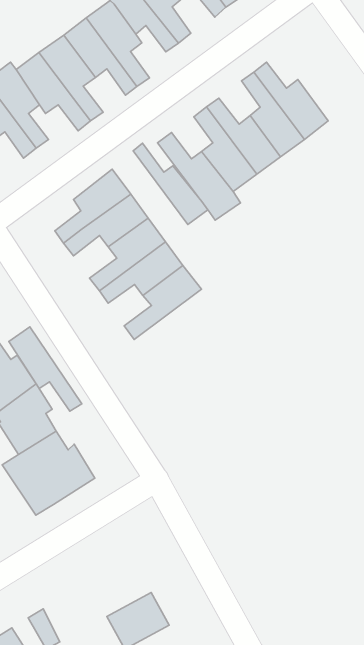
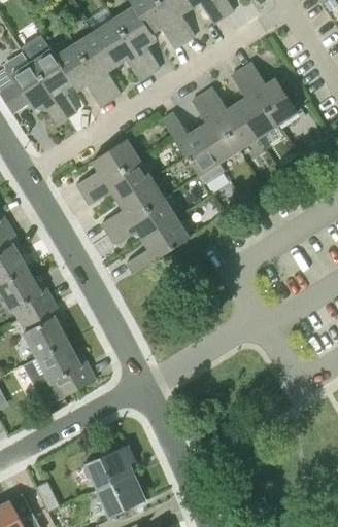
building: [133,143,208,225] -> none
building: [9,327,82,411] -> none
building: none -> [84,445,135,490]

